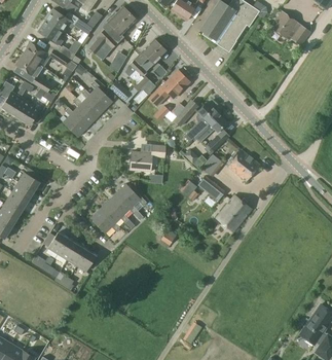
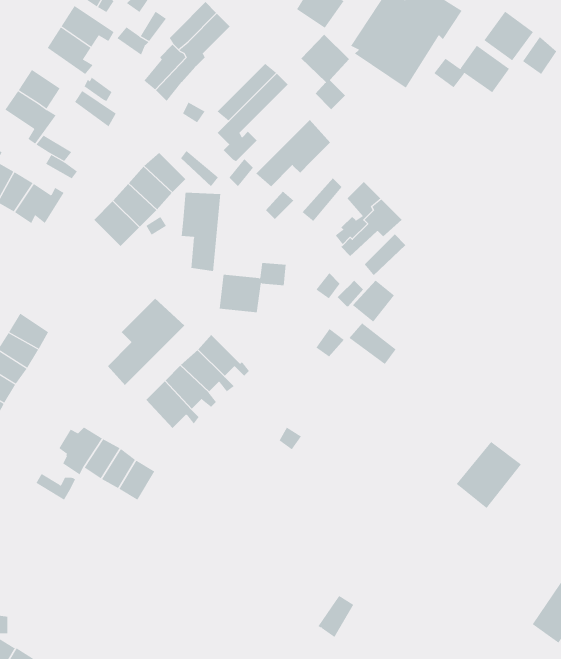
building: none -> [301,34,350,110]
building: none -> [434,45,510,93]
building: none -> [181,192,221,272]
building: [228,150,259,181] -> none
building: none -> [107,298,185,386]
building: [216,195,251,231] -> [456,441,522,509]

